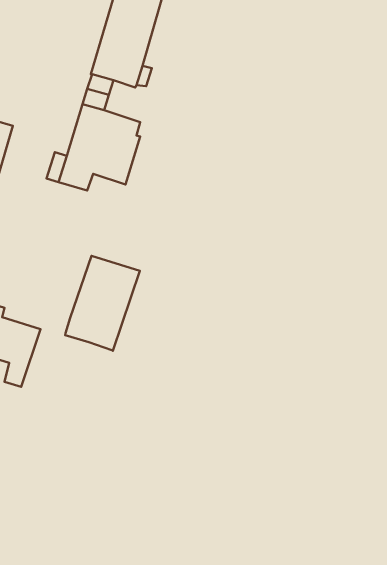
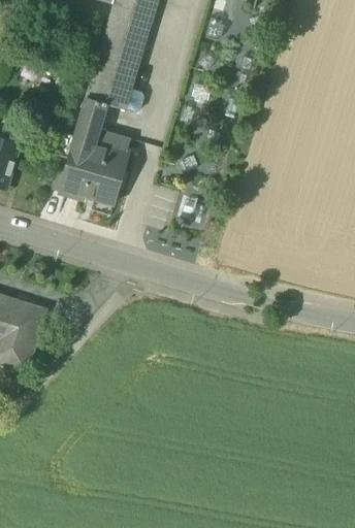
building: [65,256,140,351] -> none

